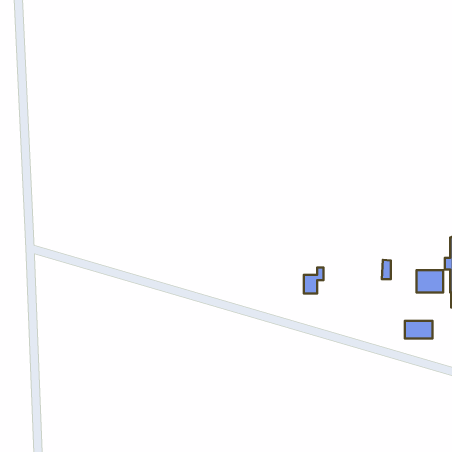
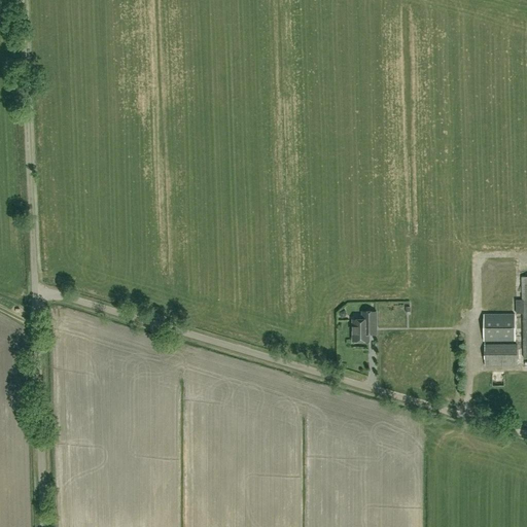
building: [405,321,432,339] -> [486,344,518,364]

